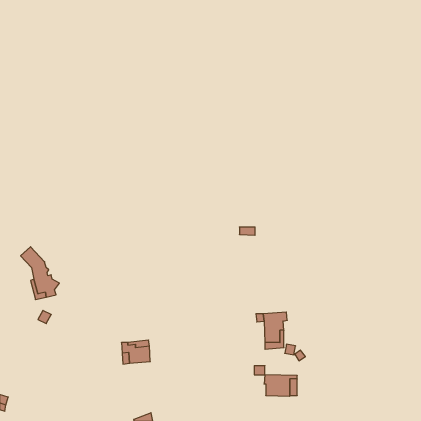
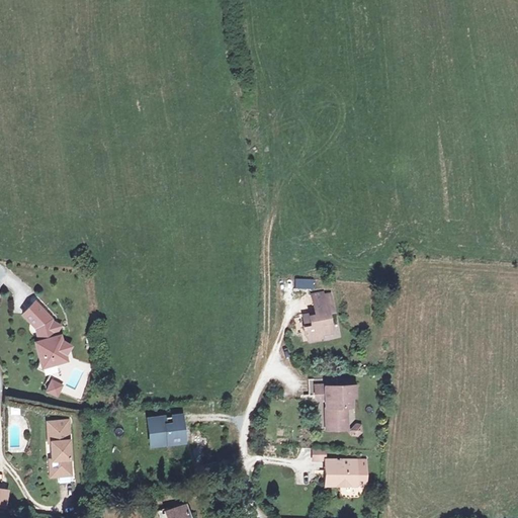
building: none -> [299,291,334,339]
building: none -> [48,422,72,477]

